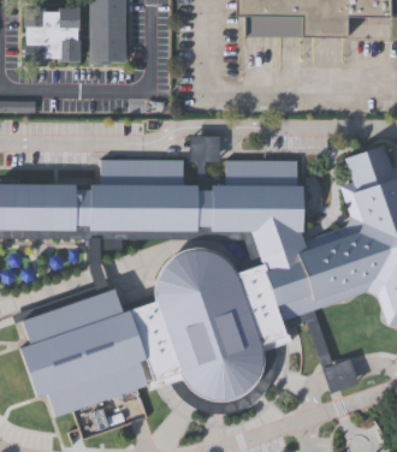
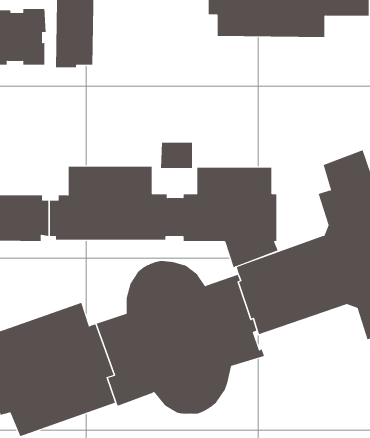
building: [322,357,360,391] -> none

